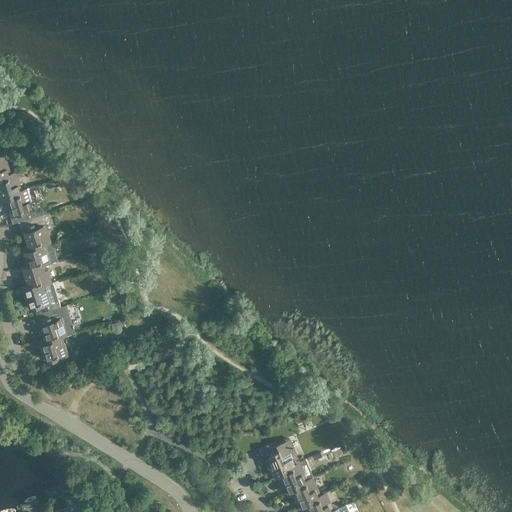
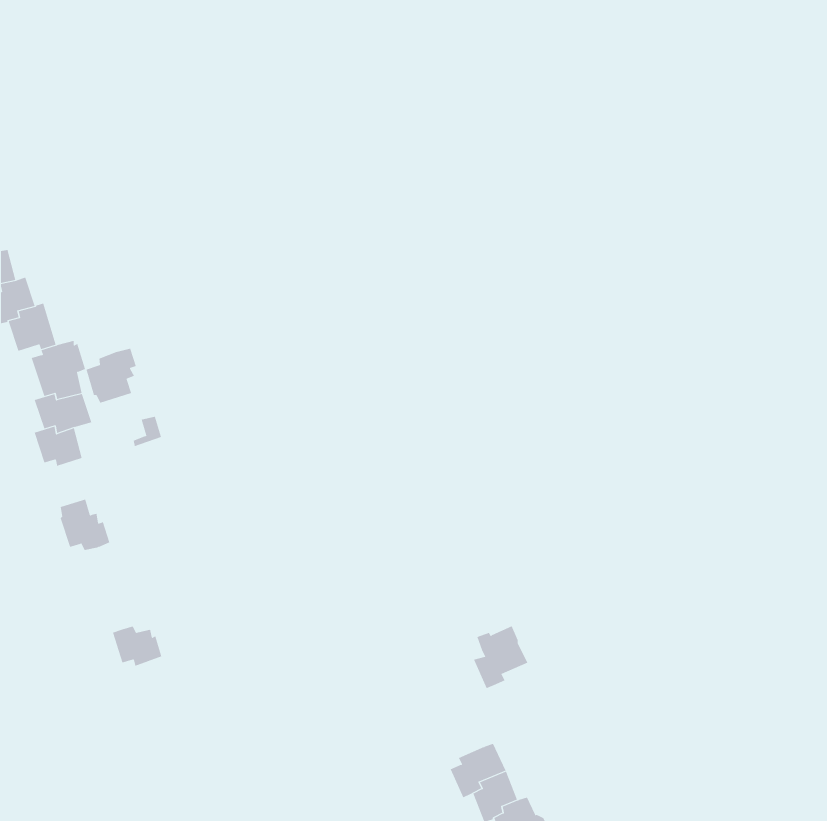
building: none -> [86,348,137,403]
building: [21,286,60,317] -> none
building: [37,340,68,365] -> [112,626,162,666]
building: [265,442,299,481] -> [473,626,528,689]

